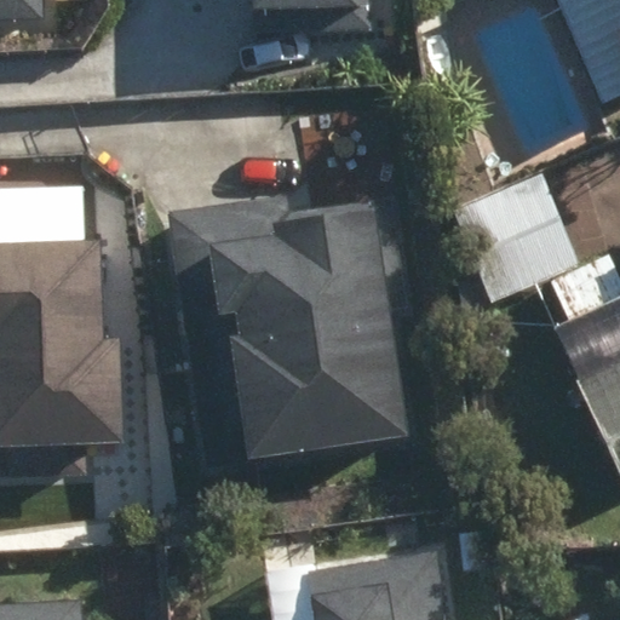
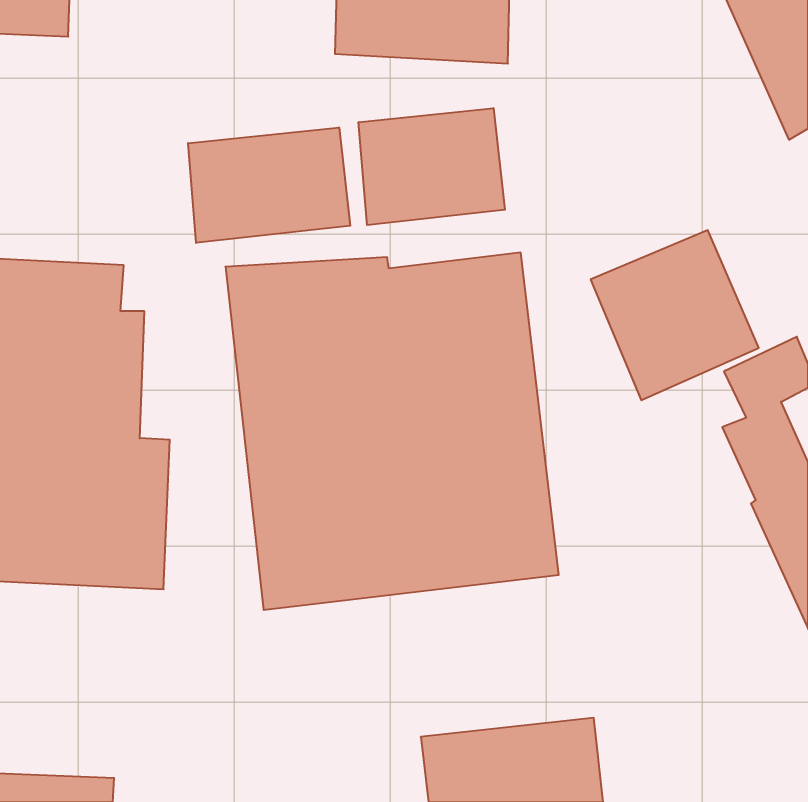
building: none -> [359,108,505,225]
building: none -> [188,127,350,243]

